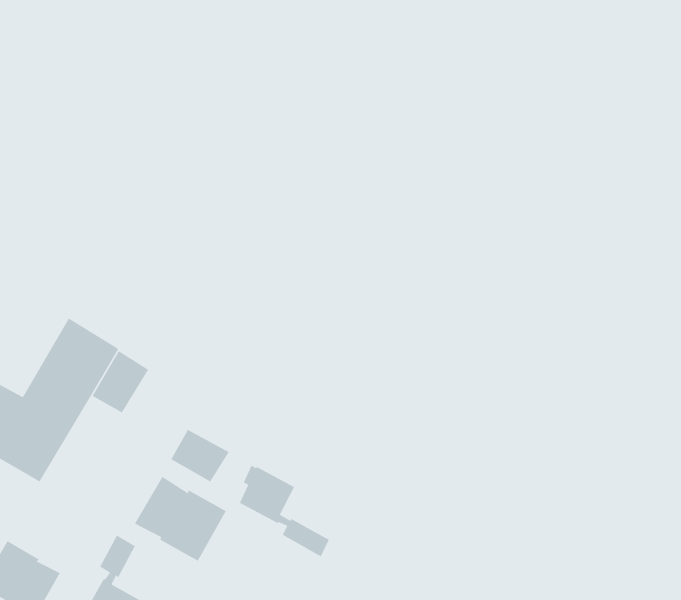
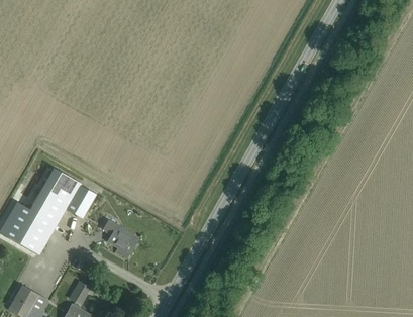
building: [239,465,330,557] -> none
building: [134,476,227,562] -> none

